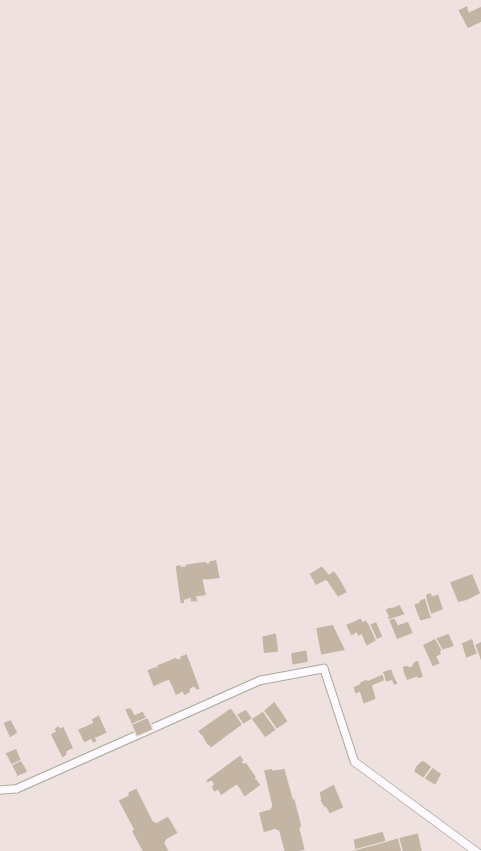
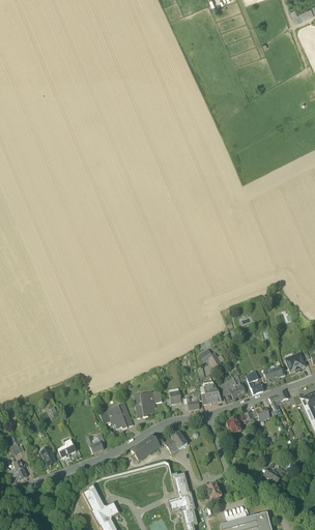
building: [175,559,220,603] -> [134,390,162,417]
building: [205,755,261,798] -> none

